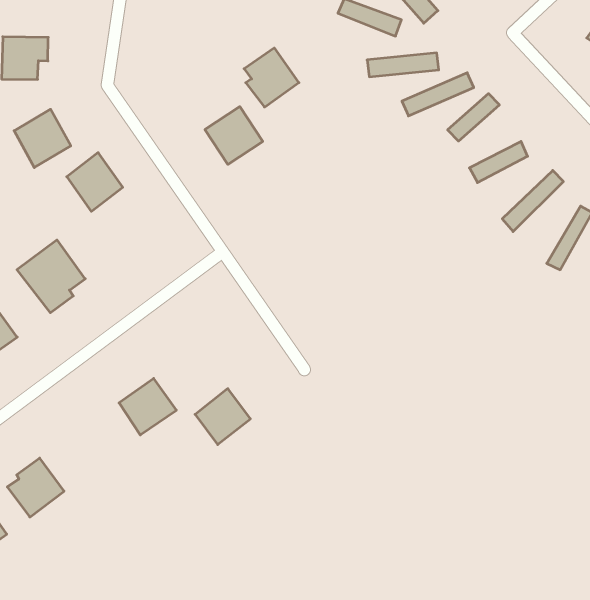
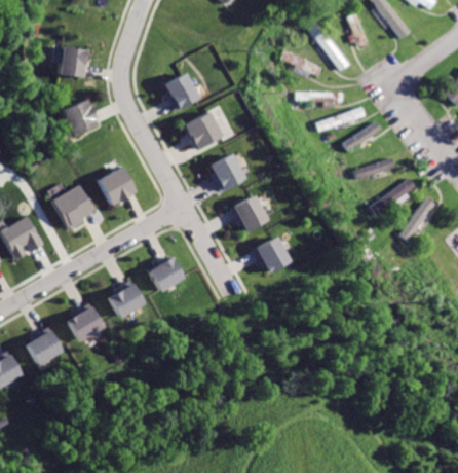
building: [244,48,299,107] -> [165,72,200,110]
building: [67,153,123,211] -> [99,166,135,204]
building: none -> [211,152,246,192]
building: none -> [229,193,269,230]
building: none -> [253,236,290,271]
building: [195,389,250,445] -> [147,256,183,292]
building: none -> [70,302,104,338]

